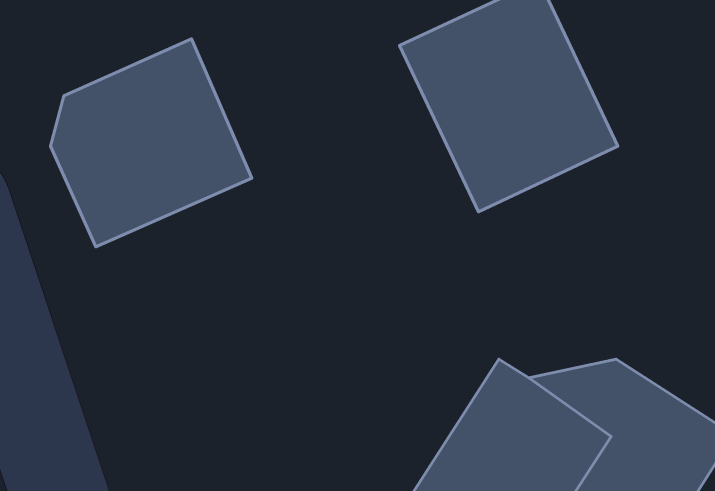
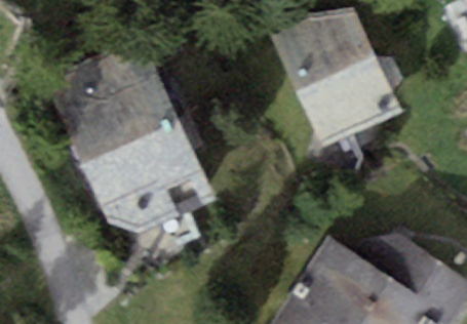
building: none -> [85,126,209,239]

